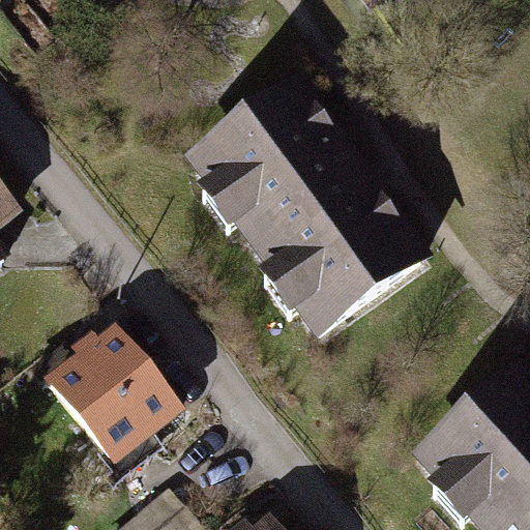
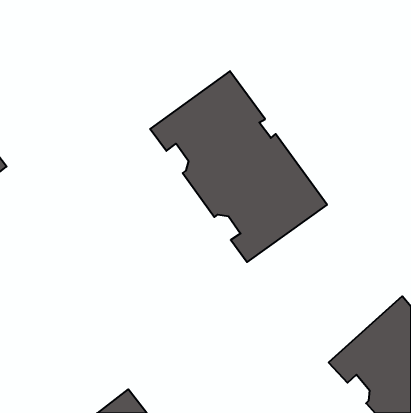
building: [46,333,172,457] -> none

